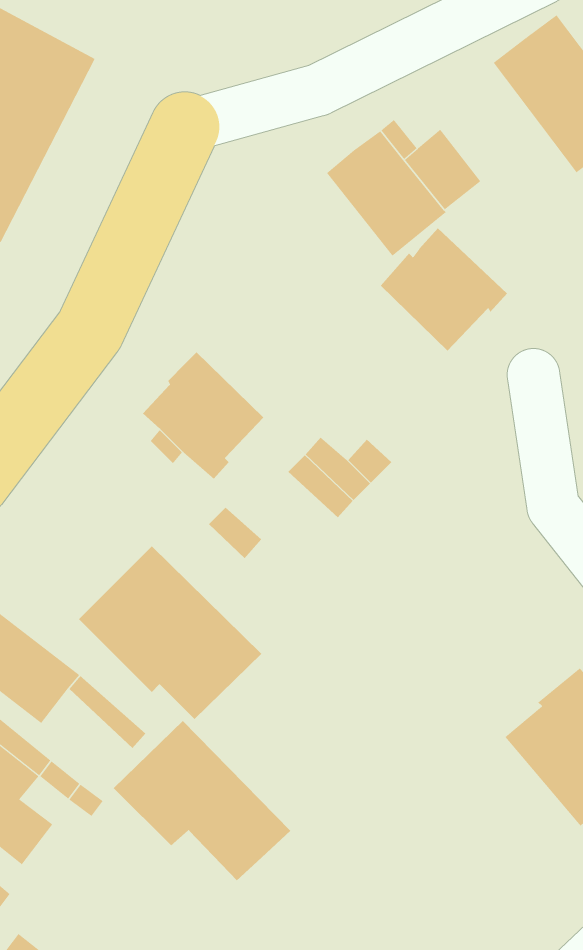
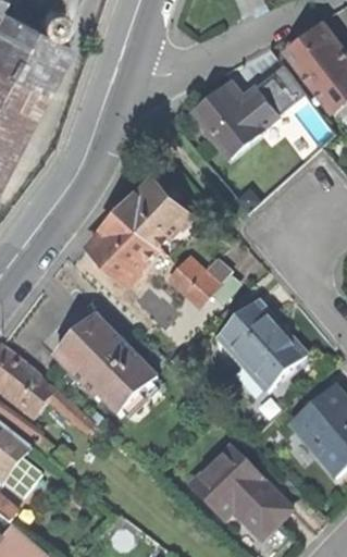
building: none -> [256,63,305,113]
building: [380,227,508,352] -> [119,176,190,246]
building: none -> [216,300,305,391]
building: [113,720,291,881] -> [190,447,290,537]

